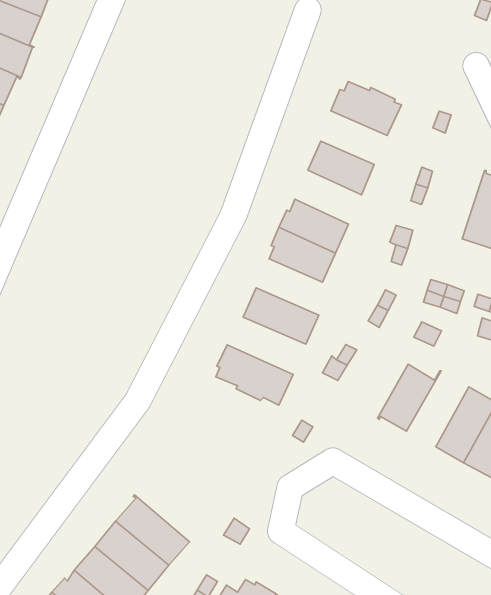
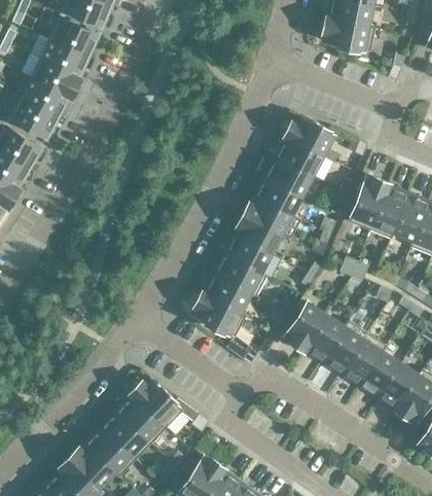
building: none -> [276,136,322,175]
building: none -> [348,178,388,231]
building: none -> [255,176,301,215]
building: none -> [224,236,271,277]
building: none -> [202,275,256,317]
building: none -> [284,303,326,351]
building: none -> [322,321,367,374]
building: none -> [131,378,183,428]

